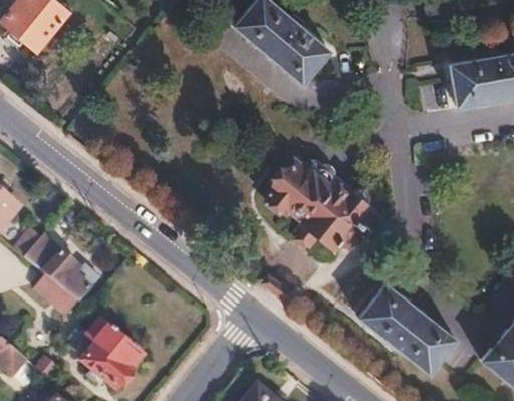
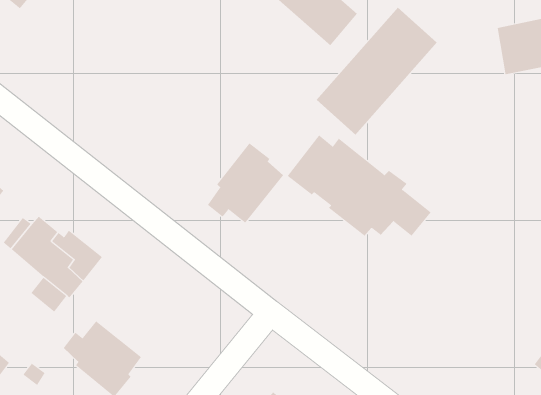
building: none -> [316,7,438,136]
building: none -> [207,143,284,224]
building: [359,282,456,373] -> none

